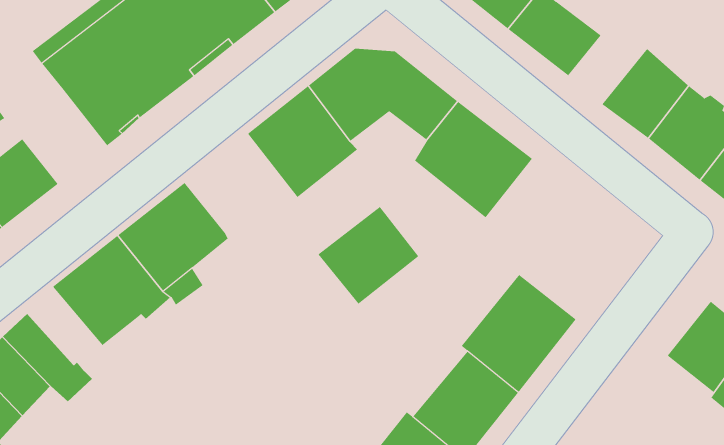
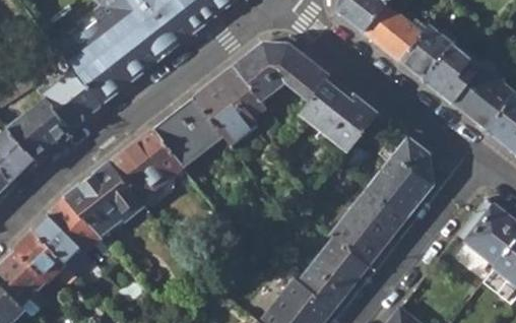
building: none -> [401,25,452,78]
building: none -> [41,68,101,130]
building: none -> [369,139,434,218]
building: [318,206,419,304] -> [151,98,217,162]
building: none -> [49,197,100,252]

